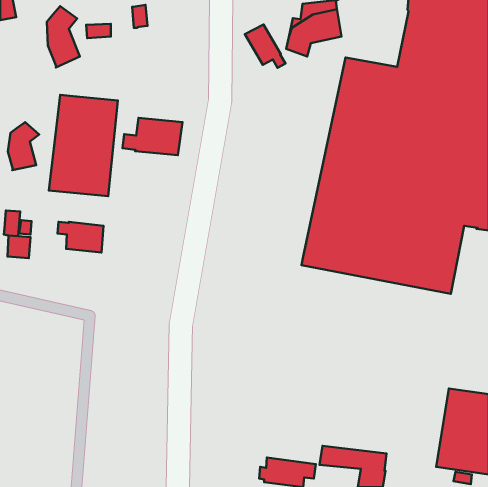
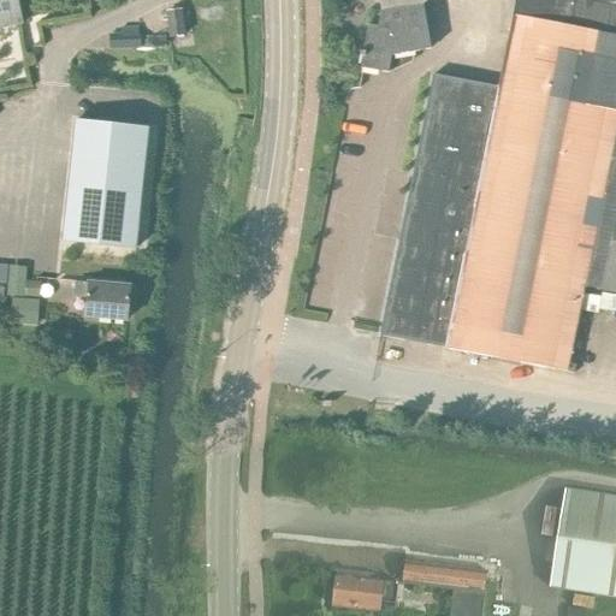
building: [47,6,80,67] -> none
building: [245,25,285,68] -> none
building: [122,118,182,155] -> none
building: [8,122,39,170] -> none

